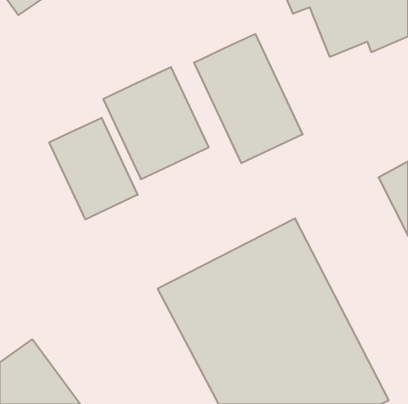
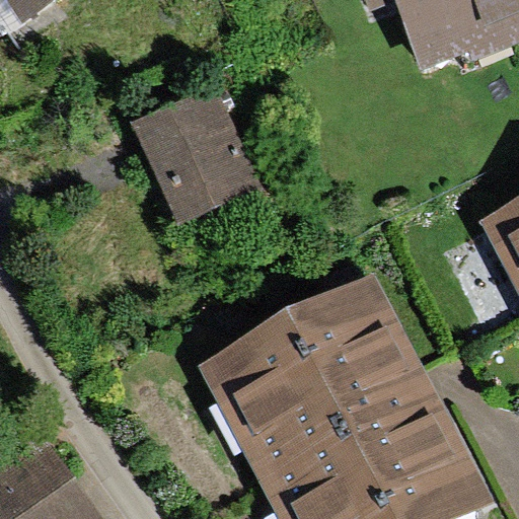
building: [194,34,303,163] -> none
building: [49,118,138,219] -> none

